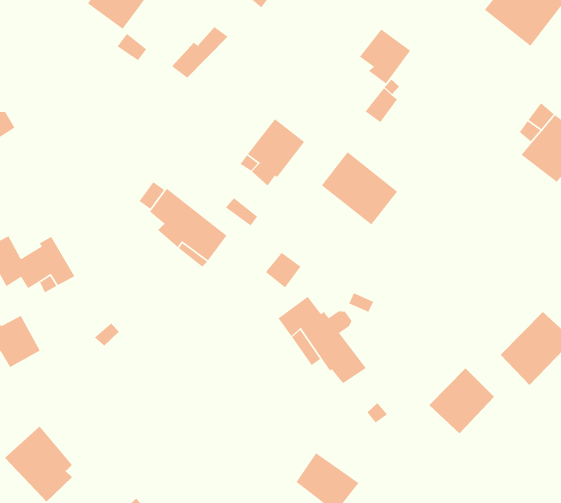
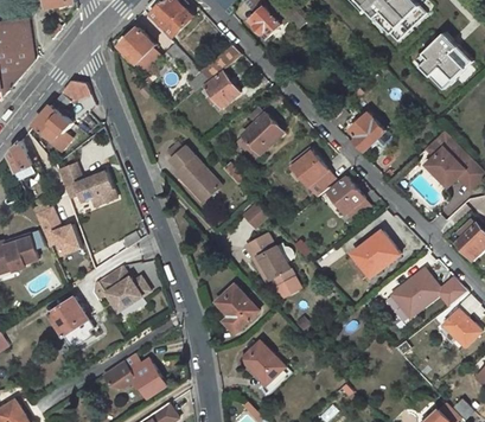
building: none -> [120,27,155,63]
building: [359,28,411,84] -> [349,113,384,151]
building: none -> [205,71,240,107]
building: none -> [326,178,363,215]
building: none -> [90,262,154,312]
building: [429,368,495,434] -> [352,234,397,277]
building: none -> [213,286,256,333]

